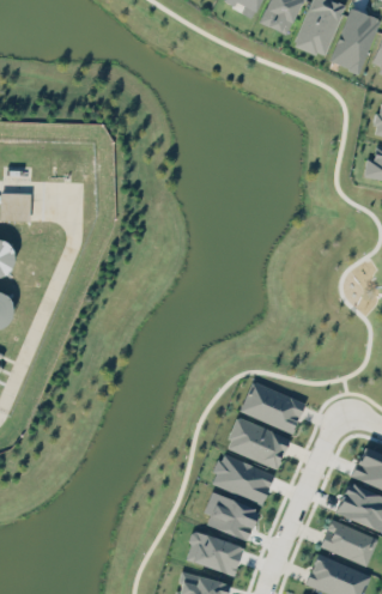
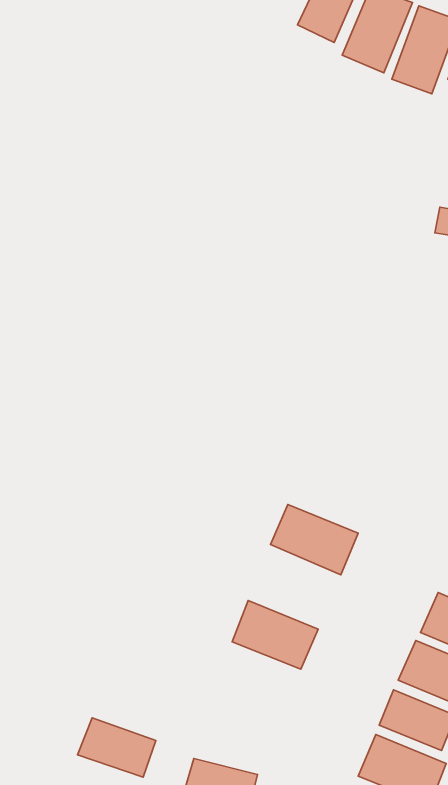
building: [225,418,290,469] -> none
building: [204,492,260,541] -> none
building: [184,532,243,576] -> [78,718,156,777]

